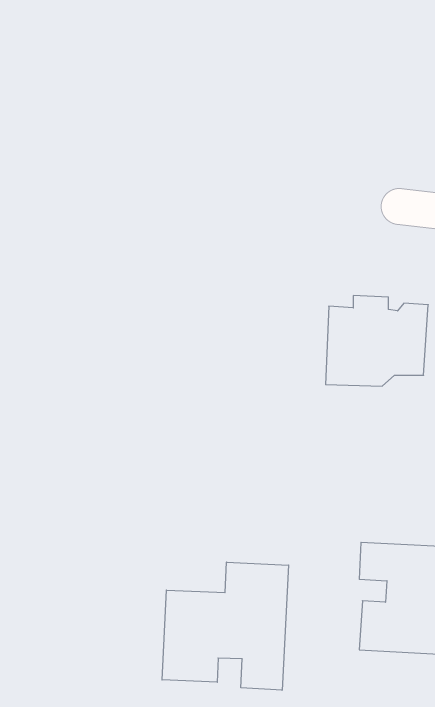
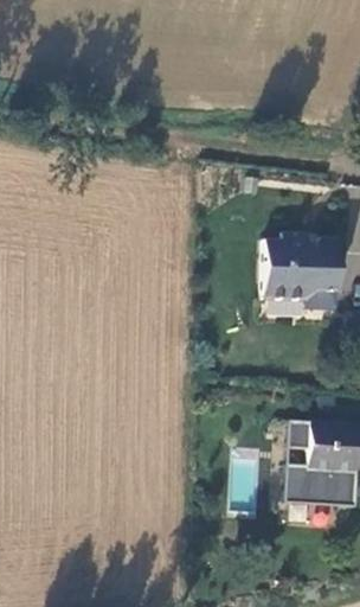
building: [162,562,289,690] -> none

